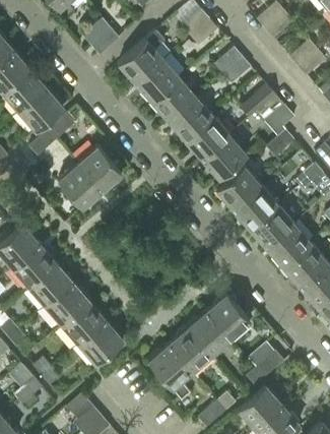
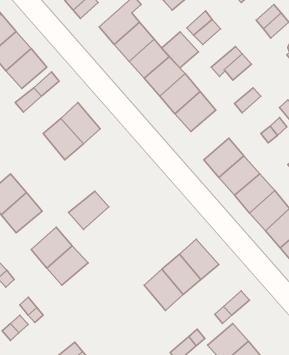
building: none -> [162,32,199,68]
building: [216,167,260,208] -> none
building: [28,264,72,306] -> [69,191,109,229]
building: [78,320,123,363] -> none
building: [147,345,191,399] -> none

